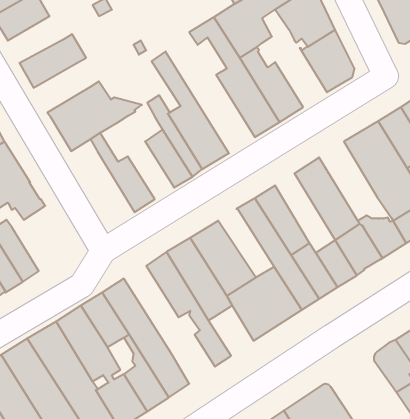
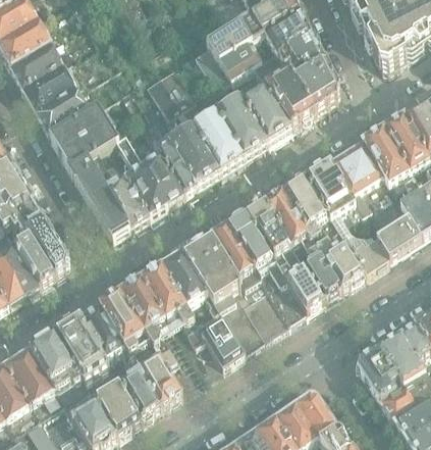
building: none -> [11,41,64,86]
building: none -> [253,53,314,128]
building: none -> [159,56,246,171]
building: none -> [36,86,90,133]
building: none -> [116,136,169,215]
building: none -> [71,158,131,238]
building: none -> [307,160,362,236]
building: none -> [265,191,322,266]
building: none -> [15,221,69,284]
building: none -> [211,224,264,290]
building: none -> [121,279,178,363]
building: none -> [202,316,245,364]

